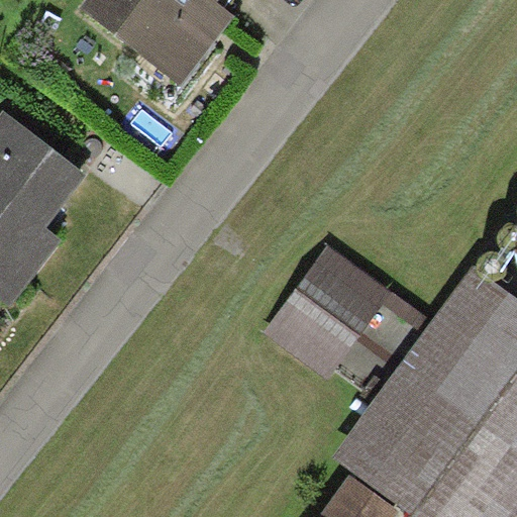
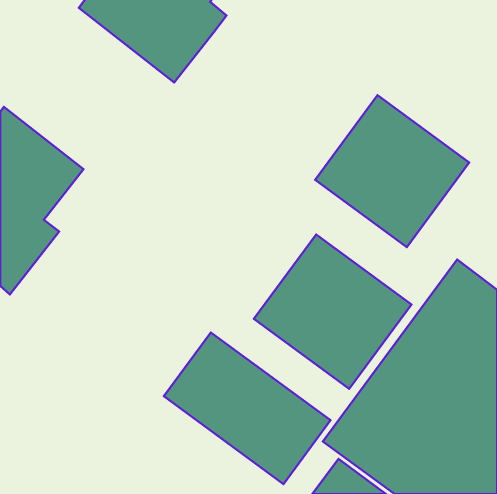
building: none -> [315,95,469,247]
building: none -> [164,332,330,484]

